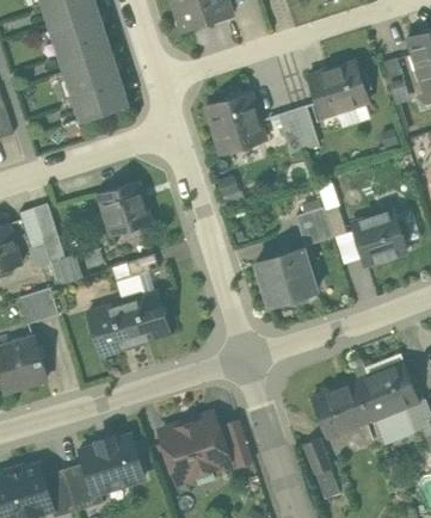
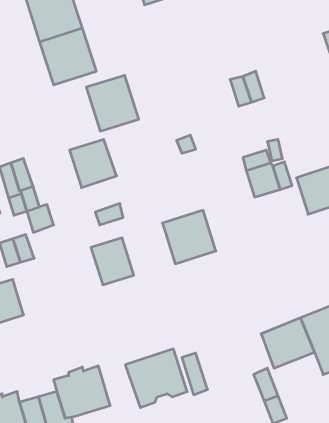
building: [307,62,368,117] -> none
building: [205,92,264,154] -> [86,75,139,131]
building: [255,247,315,307] -> [162,210,216,264]
building: [87,302,135,354] -> none

